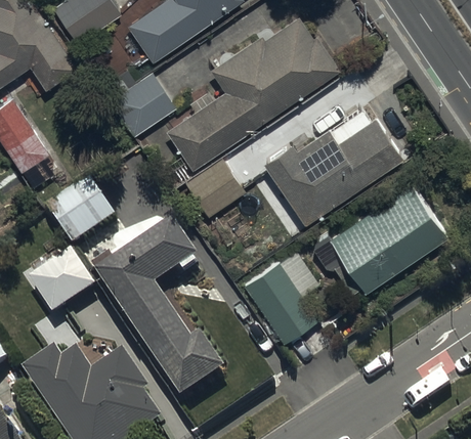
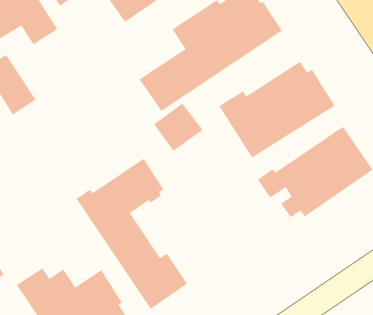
building: [108,71,177,138] -> none
building: [48,180,117,248] -> none
building: [244,249,320,345] -> none
building: [31,254,97,317] -> none

